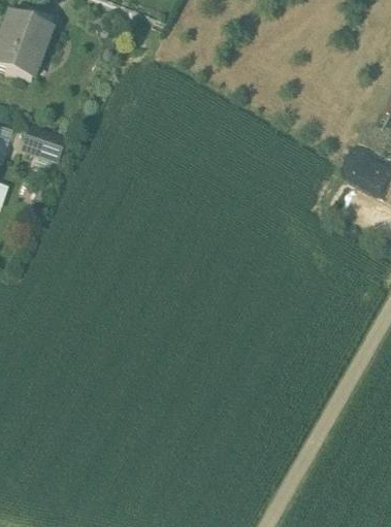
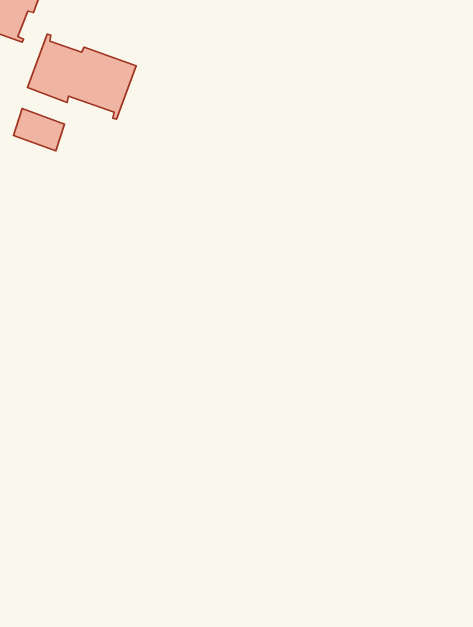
building: none -> [28,34,136,119]

